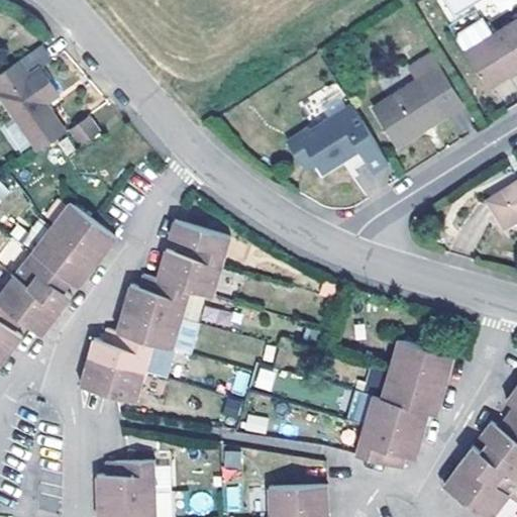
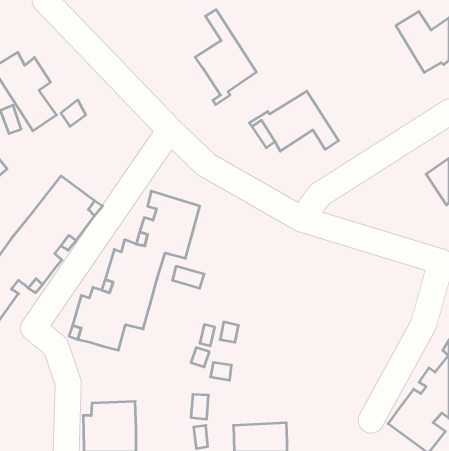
building: none -> [195,10,256,105]
building: [372,55,462,146] -> none
building: [346,338,453,469] -> none

